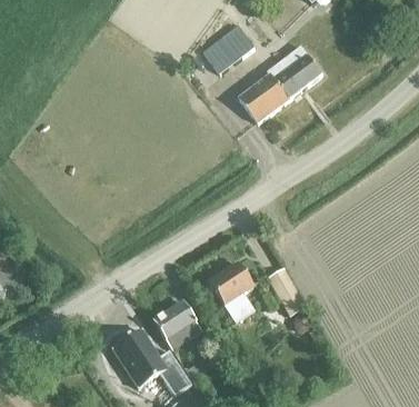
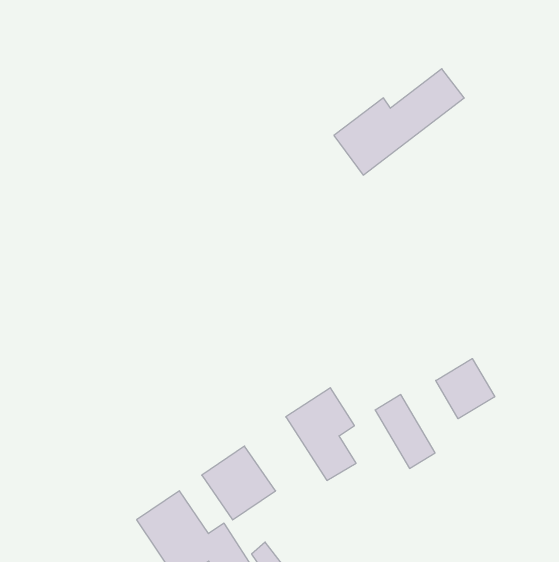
building: [203,24,255,72] -> none
building: none -> [436,359,495,419]

